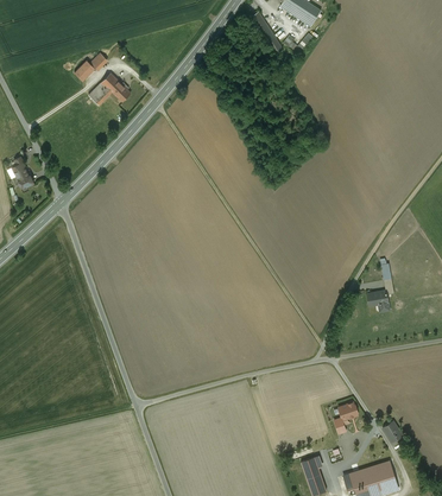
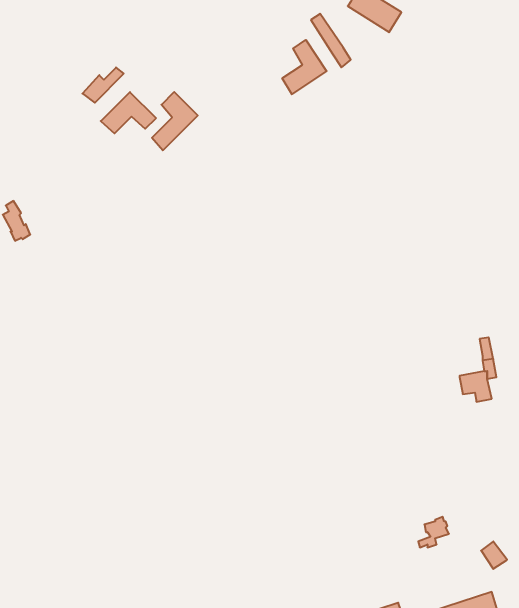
building: none -> [282,40,327,94]
building: none -> [152,92,198,150]

